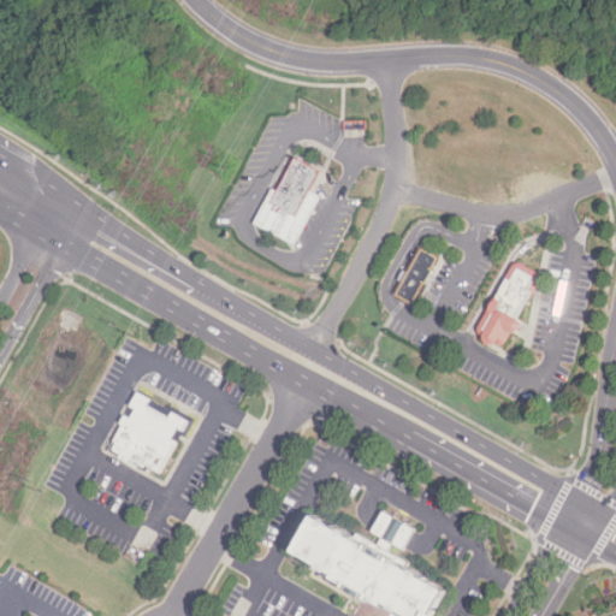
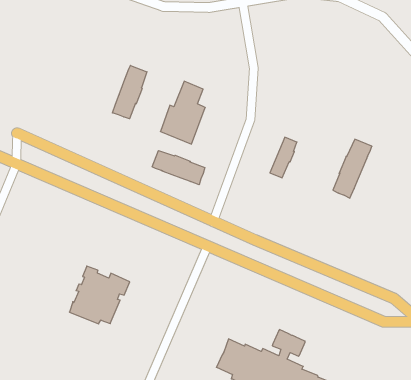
building: none -> [112,65,147,119]
building: none -> [152,151,205,185]

